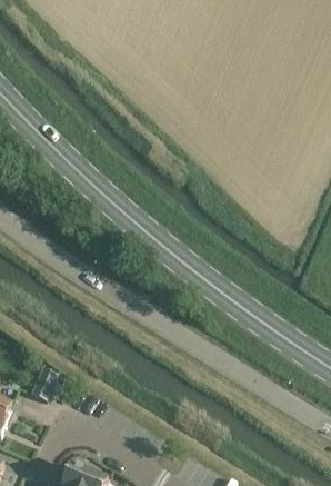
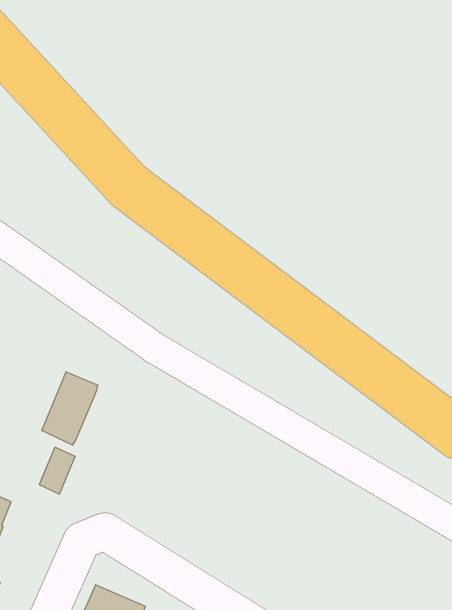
building: none -> [42,372,98,445]

